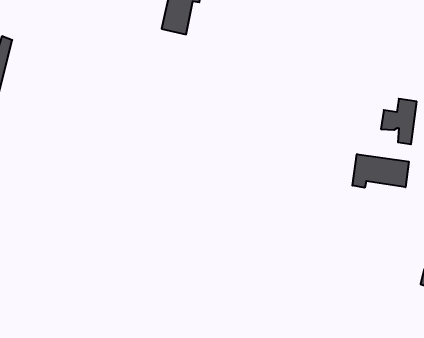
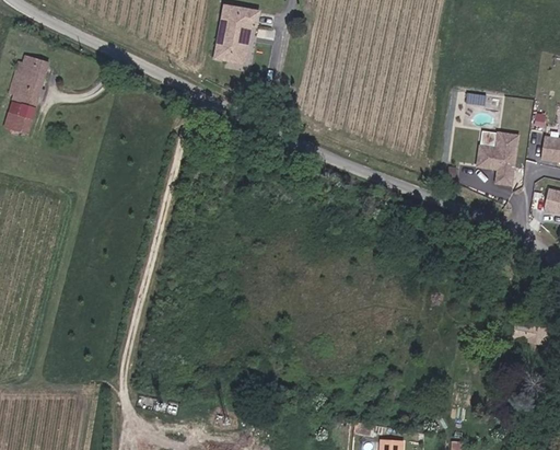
building: [352,154,409,188] -> none

